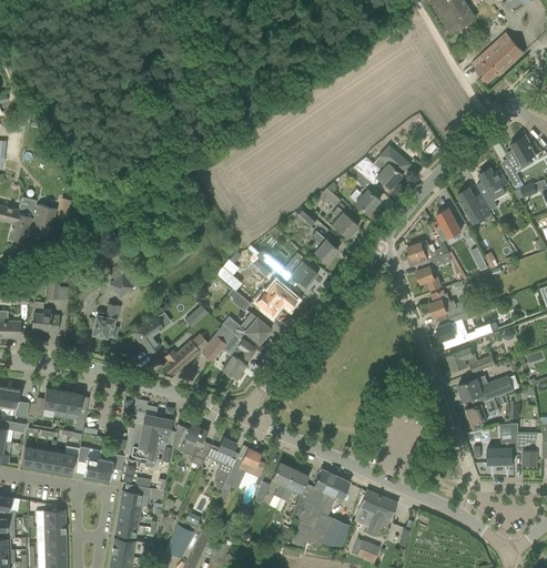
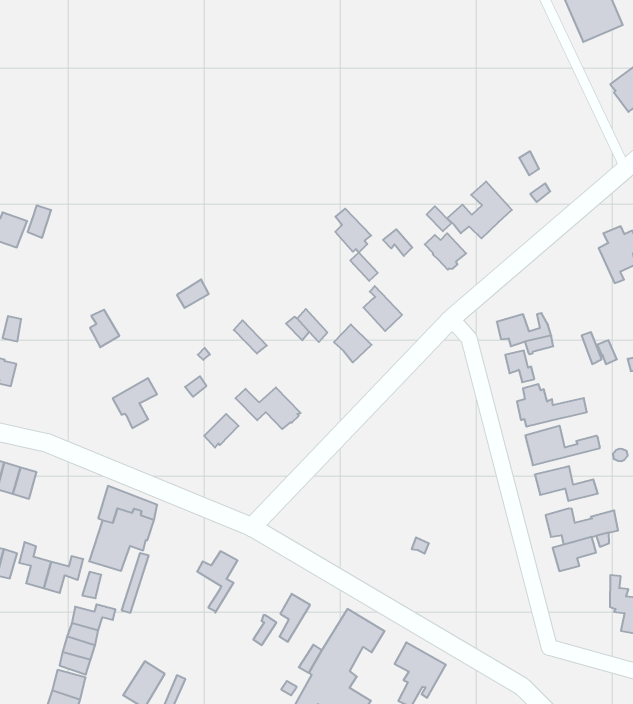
building: [457,187,490,223] -> none
building: [331,207,358,239] -> [335,209,371,252]
building: [433,209,468,237] -> none
building: [253,281,298,315] -> none
building: [92,304,118,338] -> none
building: [222,339,255,378] -> none
building: [160,341,199,378] -> none
building: [179,424,211,466] -> none
building: [487,424,513,464] -> none
building: [216,448,264,501] -> none
building: [275,469,307,513] -> none

